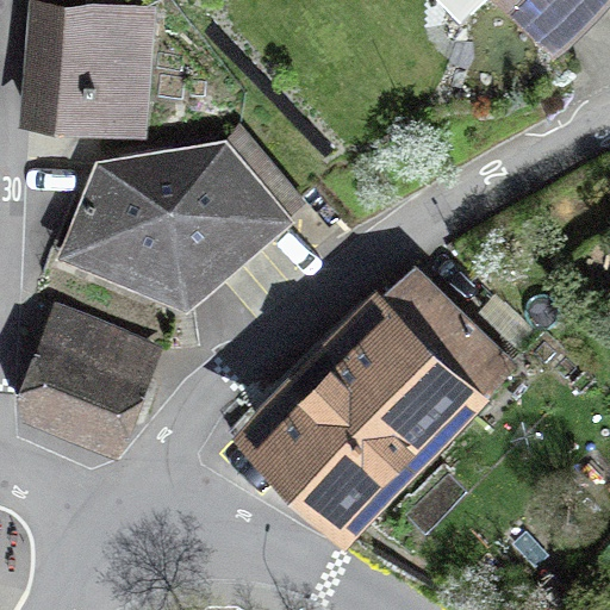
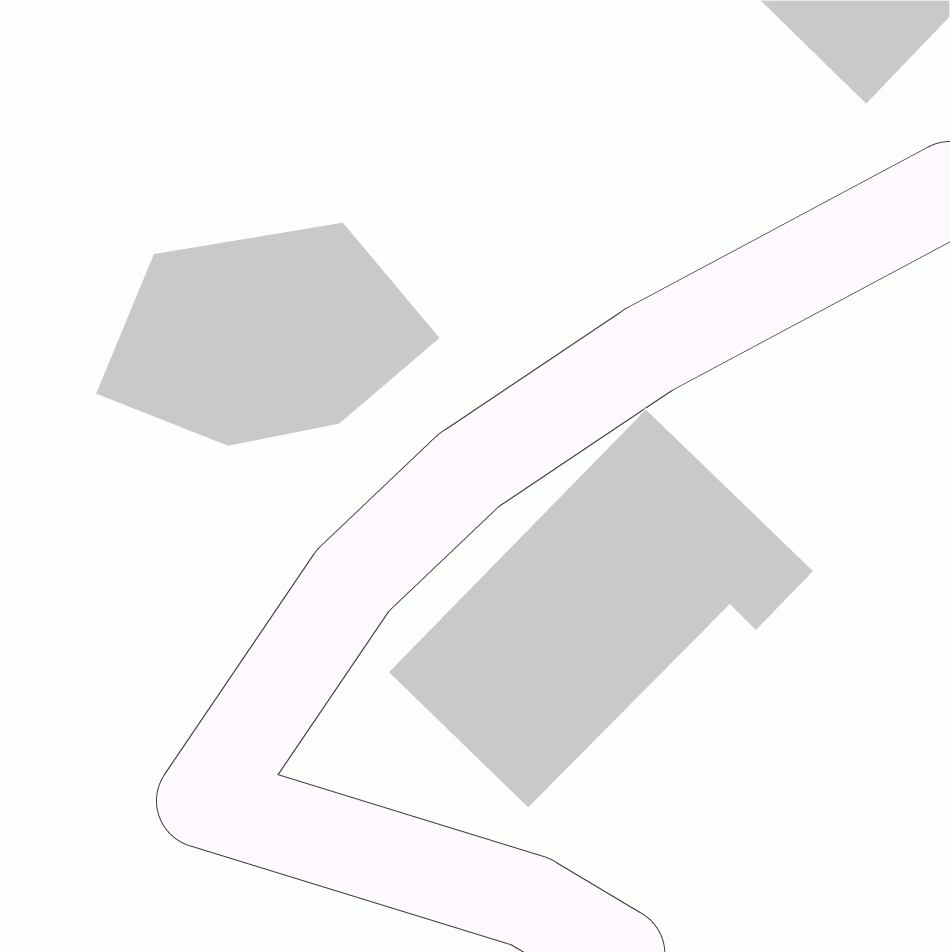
building: [27,6,147,126] -> none
building: [23,310,148,440] -> none

